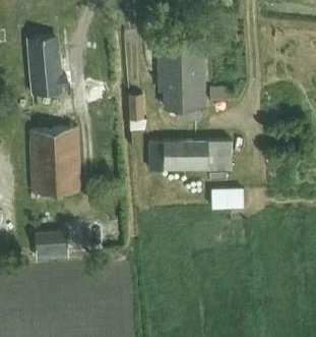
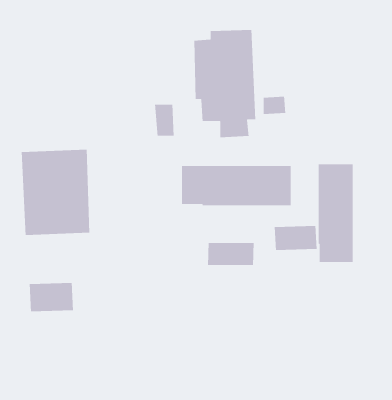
building: [26,38,62,95] -> none
building: none -> [318,164,353,263]
building: none -> [207,242,254,266]

